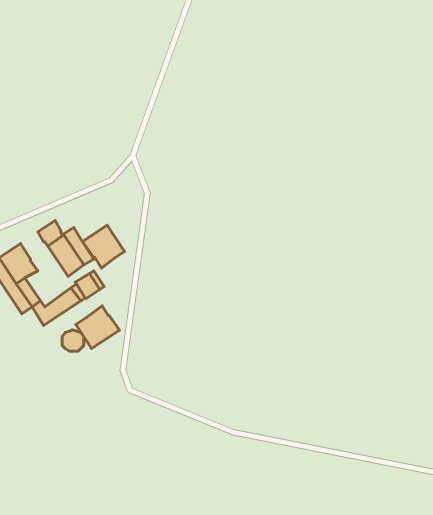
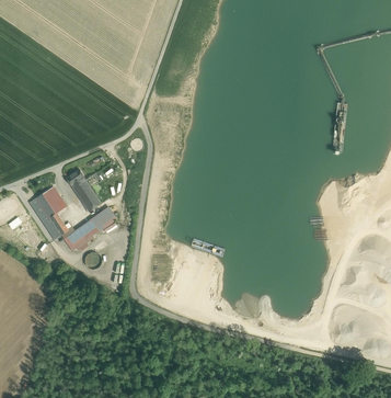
building: [83,225,124,268] -> none
building: [76,306,120,349] -> none

